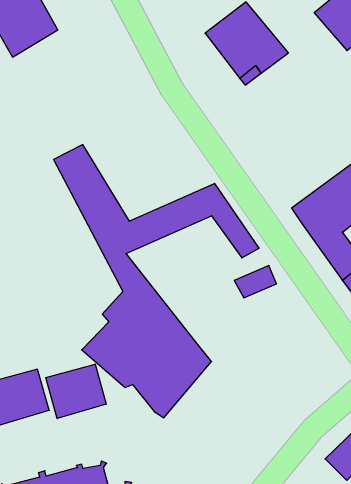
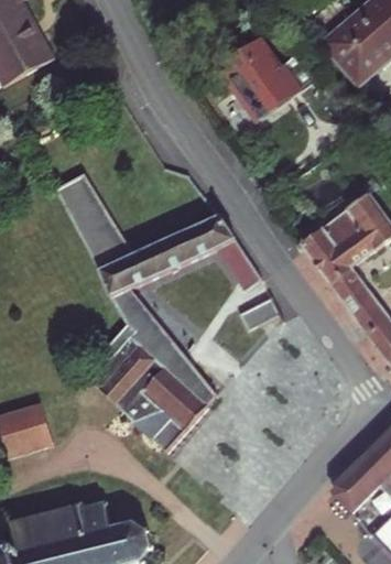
building: [46,364,106,419] -> none

